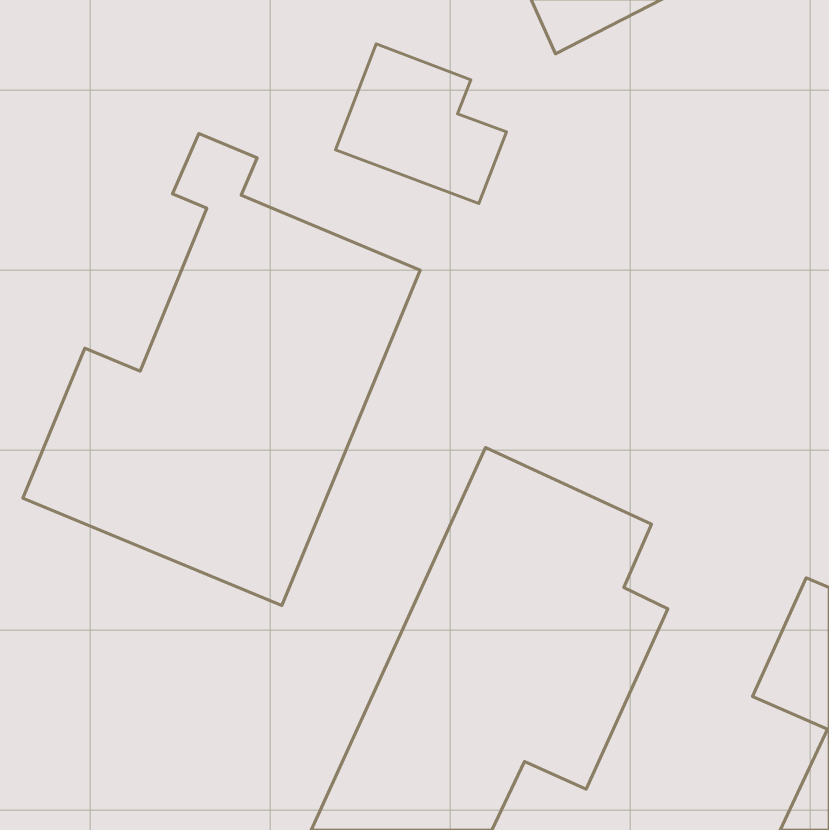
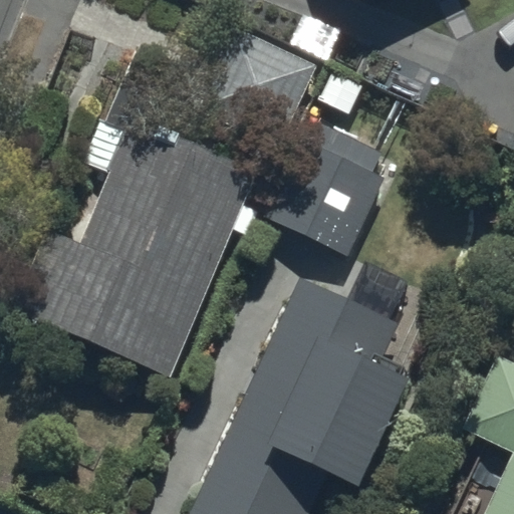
building: none -> [263,118,383,256]

